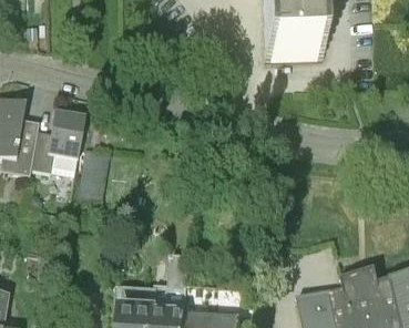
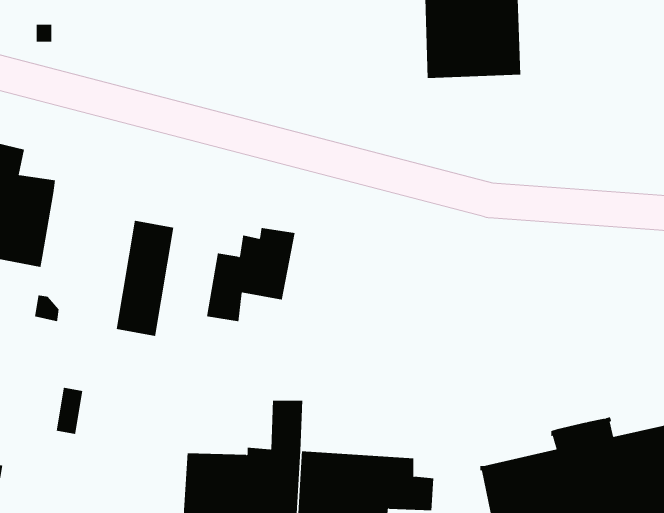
building: [30,114,84,172] -> [206,227,295,322]

